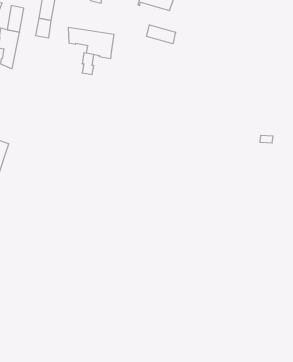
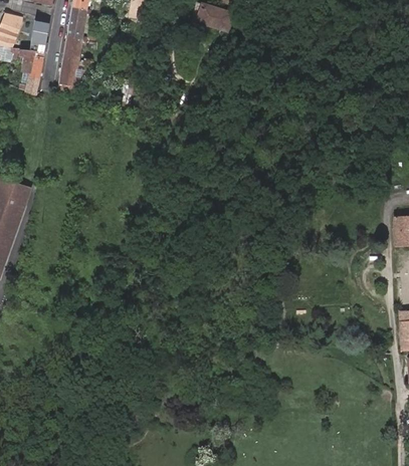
building: [146,25,176,44] -> none
building: [68,27,114,59] -> none
building: none -> [57,57,78,87]

